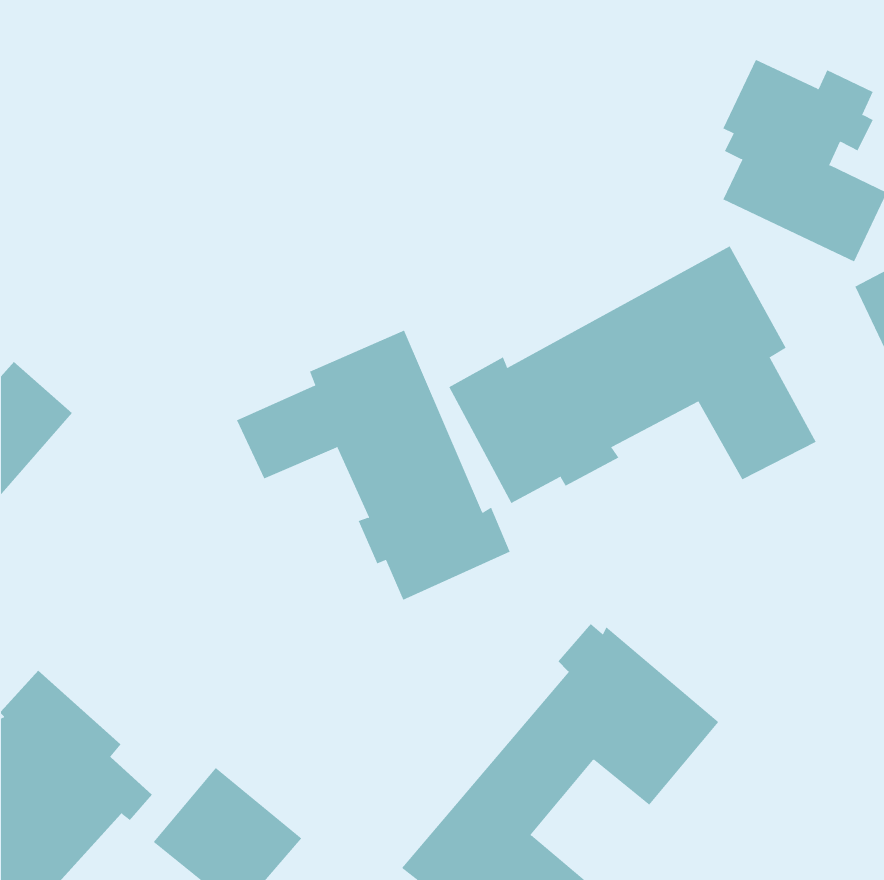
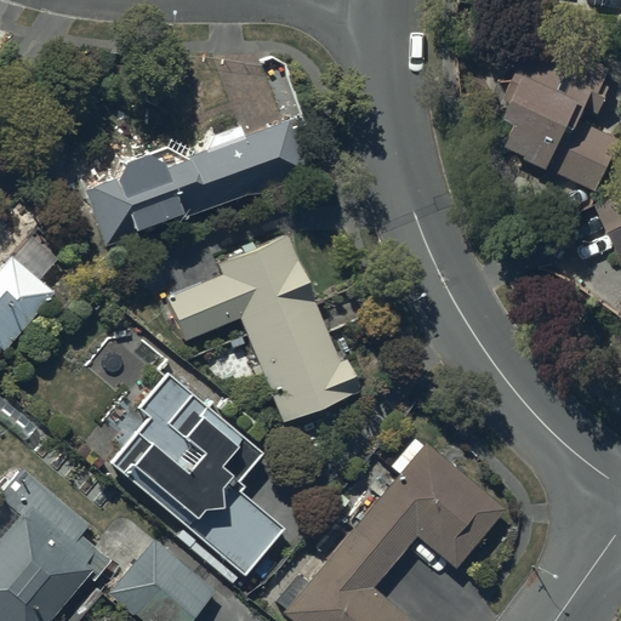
building: none -> [84,120,308,246]
building: [448,245,816,504] -> none
building: none -> [110,374,283,575]

